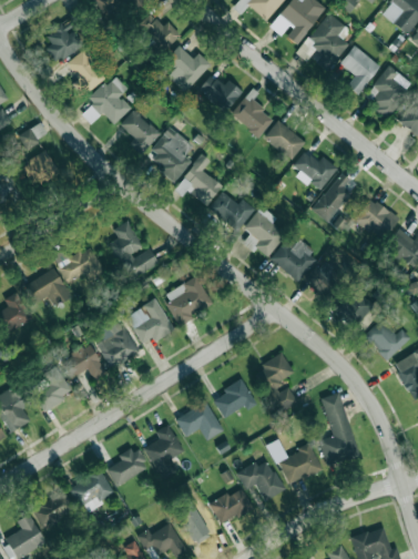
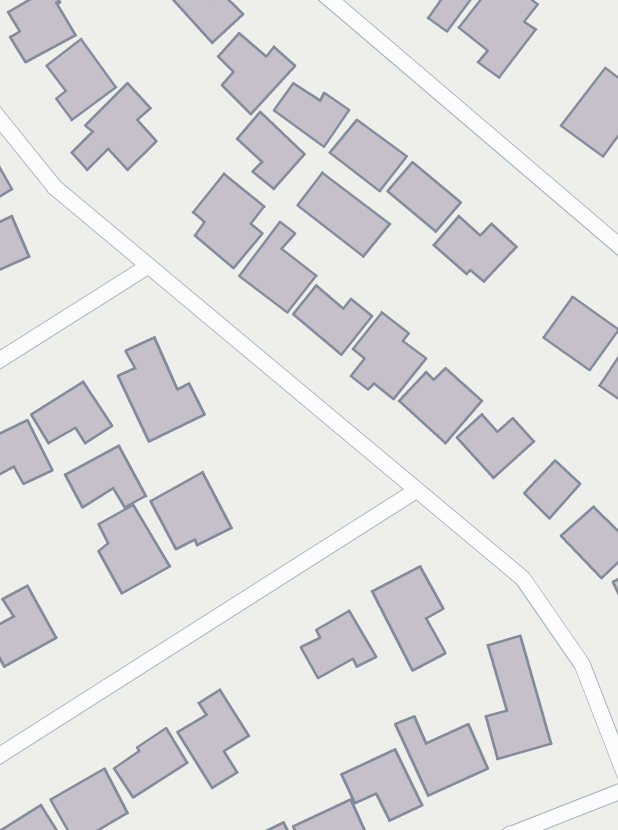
building: [339,45,380,94] -> none
building: [121,109,160,153] -> [237,112,305,189]
building: none -> [298,173,390,257]
building: [313,172,351,222] -> none
building: [163,276,212,326] -> none
building: [60,344,106,379] -> [65,446,146,507]
building: [175,399,224,440] -> none

